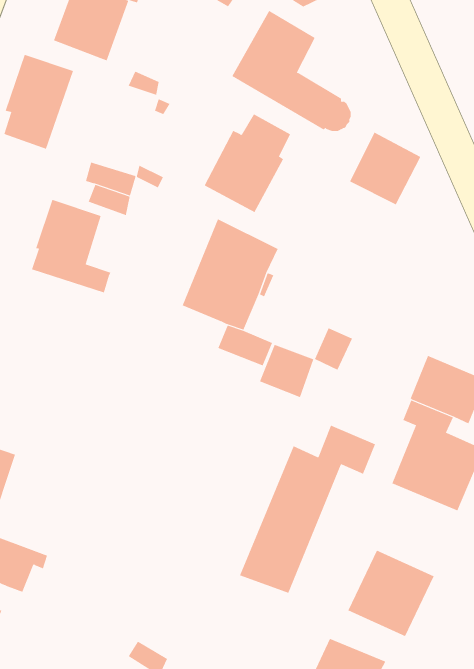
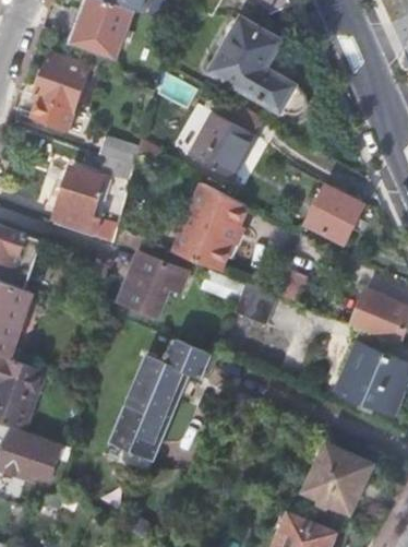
building: [349,132,421,205] -> [307,185,363,242]
building: none -> [119,253,185,317]
building: [239,425,376,593] -> [103,337,211,471]

